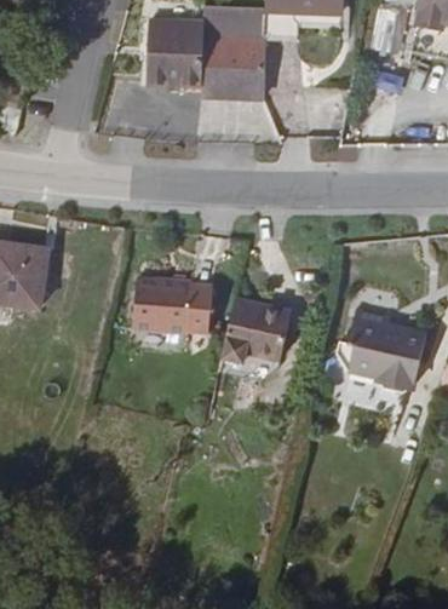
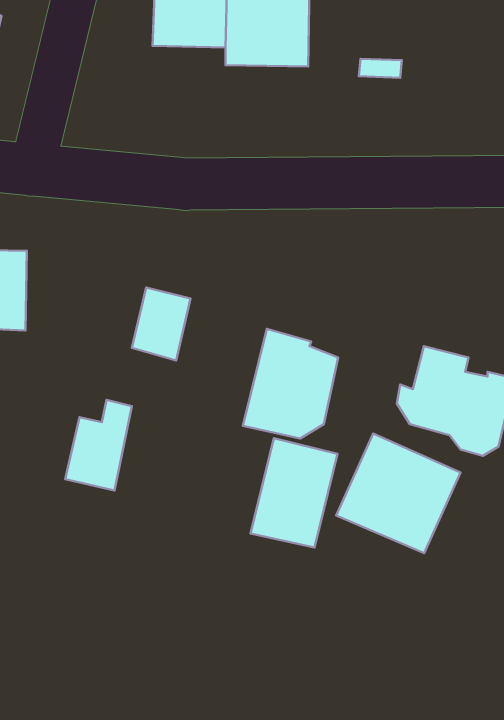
building: [163,263,214,332] -> [65,400,132,490]
building: none -> [336,433,460,553]
building: none -> [250,438,337,547]

